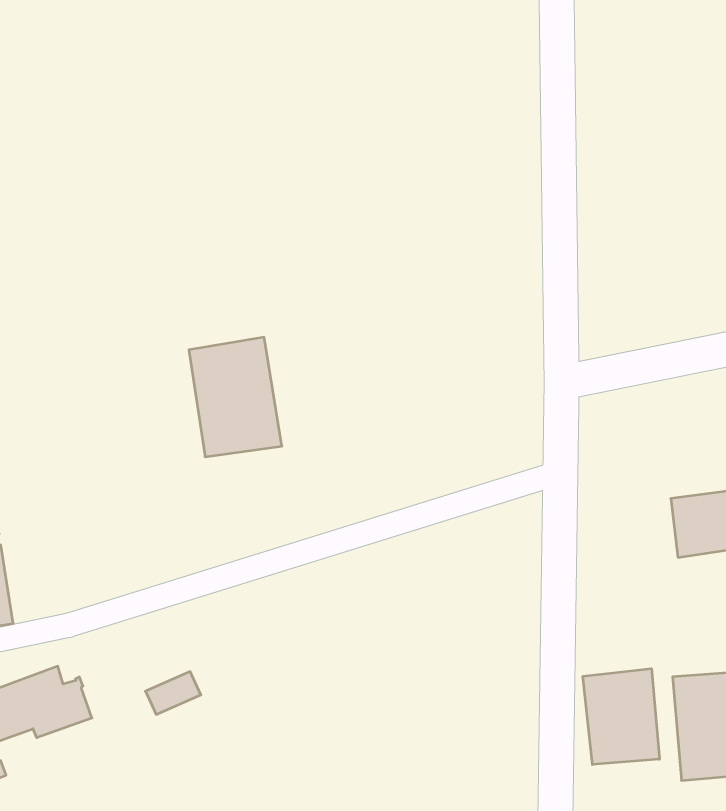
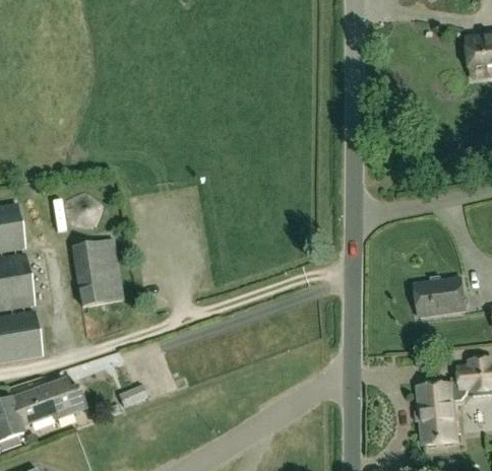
building: [189,337,282,457] -> [70,238,123,306]
building: [583,669,659,765] -> none

